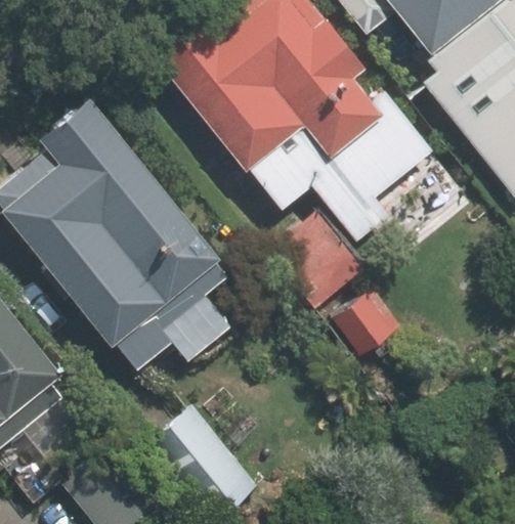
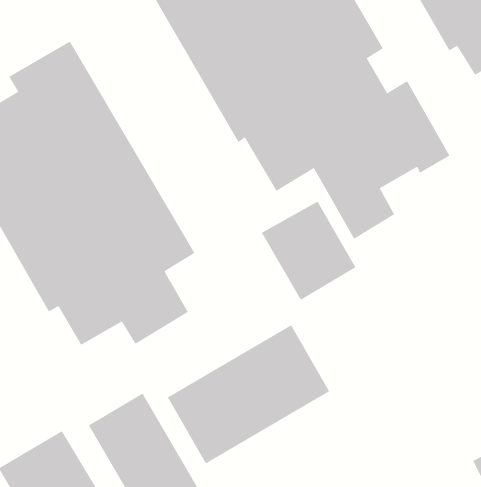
building: none -> [167,324,330,464]

